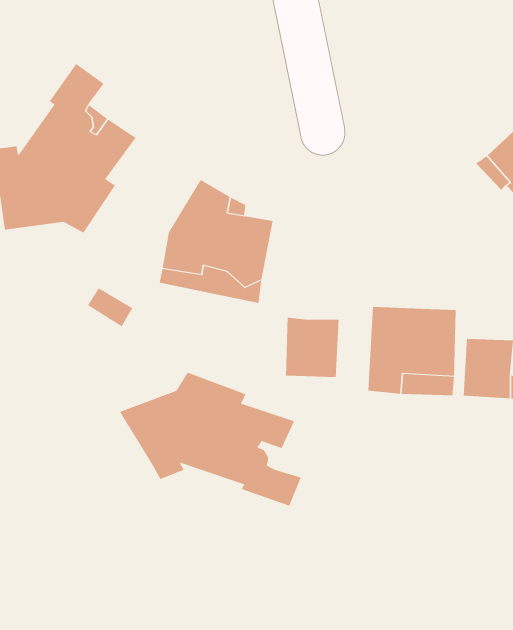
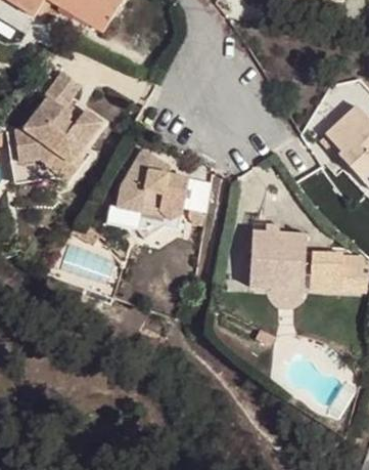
building: [286,317,339,378] -> none
building: [119,372,302,506] -> none

